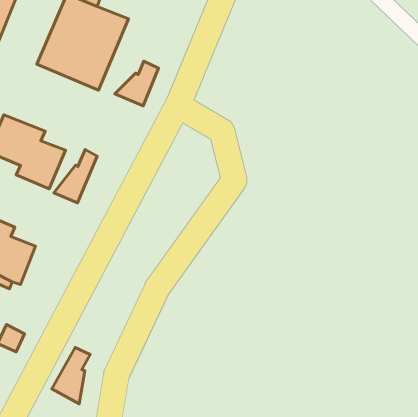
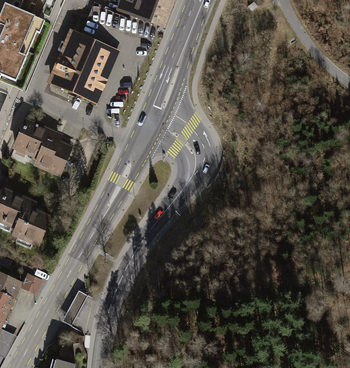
building: [115,61,158,106] -> none
building: [54,149,97,203] -> none

